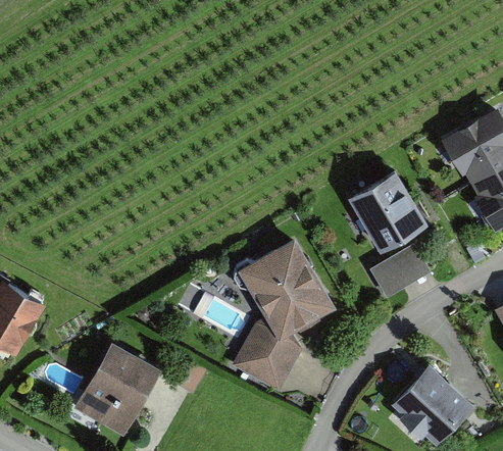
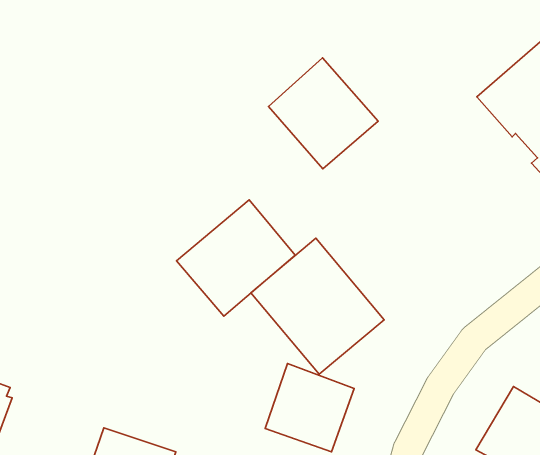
building: [347,172,427,256] -> [269,58,378,169]
building: none -> [176,200,295,316]
building: [366,247,430,303] -> none

